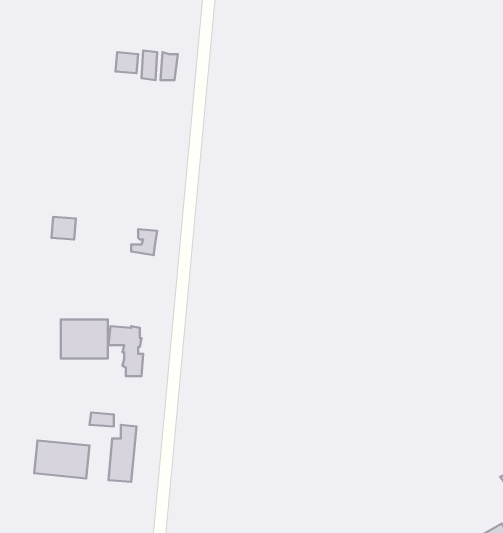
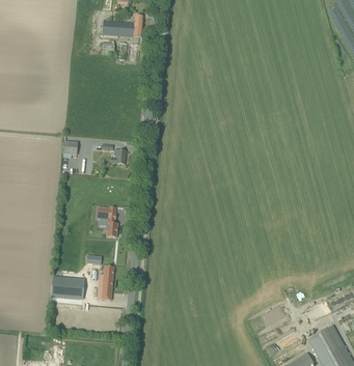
building: none -> [102,16,143,36]
building: [61,319,108,359] -> none

